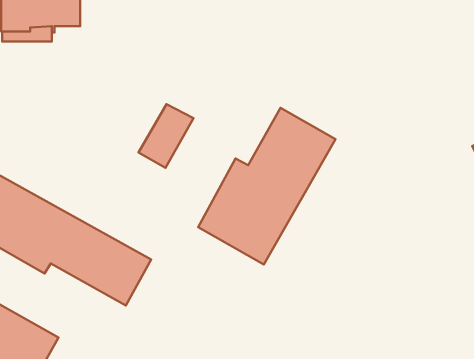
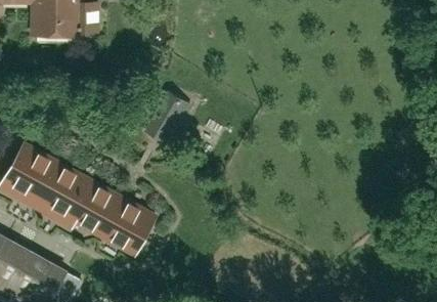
building: [198,108,335,265] -> none

